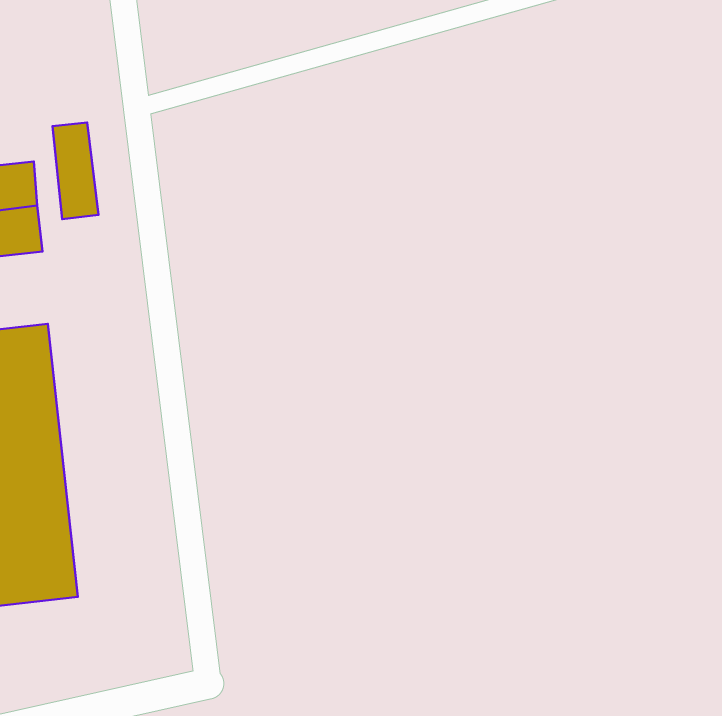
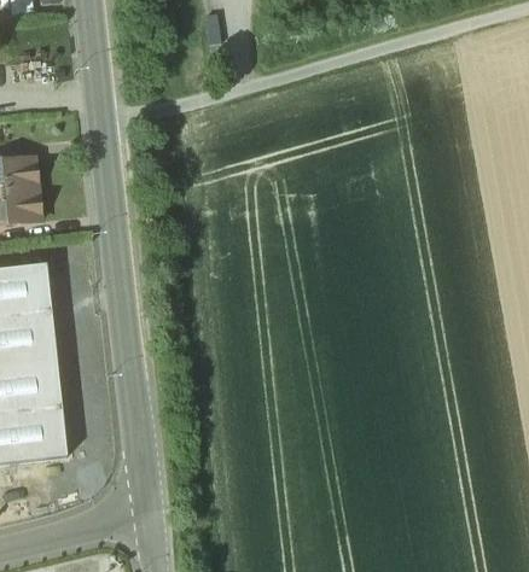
building: [52,122,98,219] -> none

